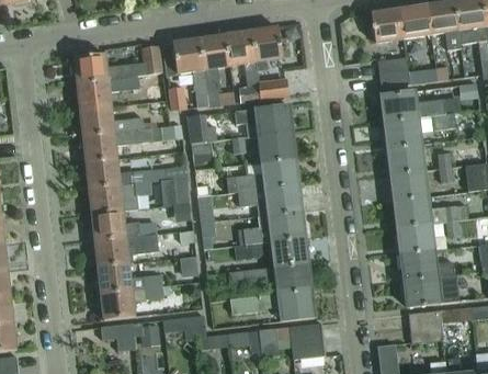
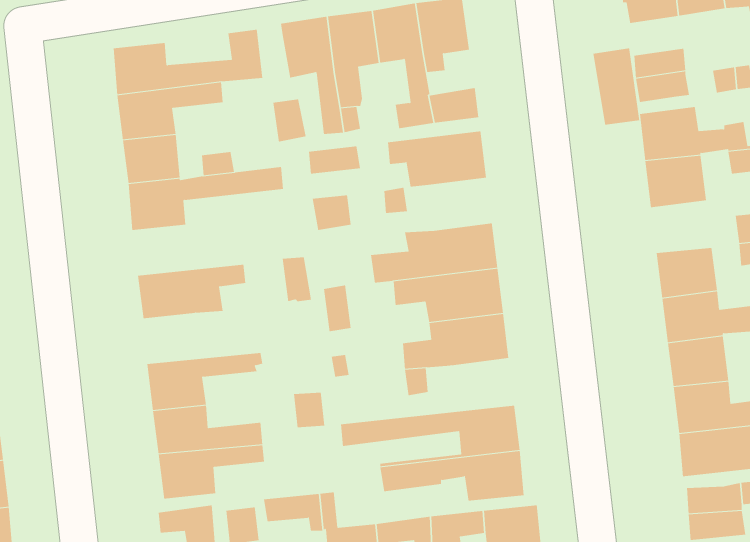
building: none -> [593,48,640,126]
building: [259,132,296,162] -> none
building: [388,145,424,175] -> none
building: [86,159,160,189] -> none
building: [92,211,162,240] -> none
building: [207,237,309,275] -> none

